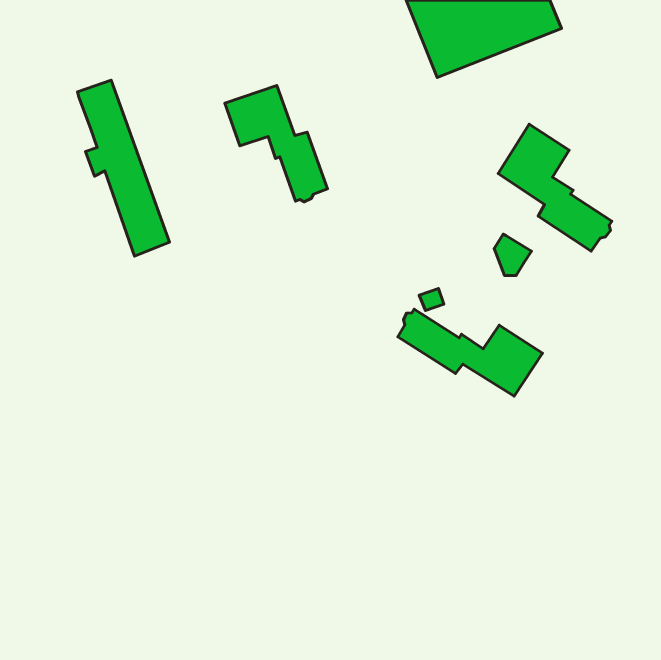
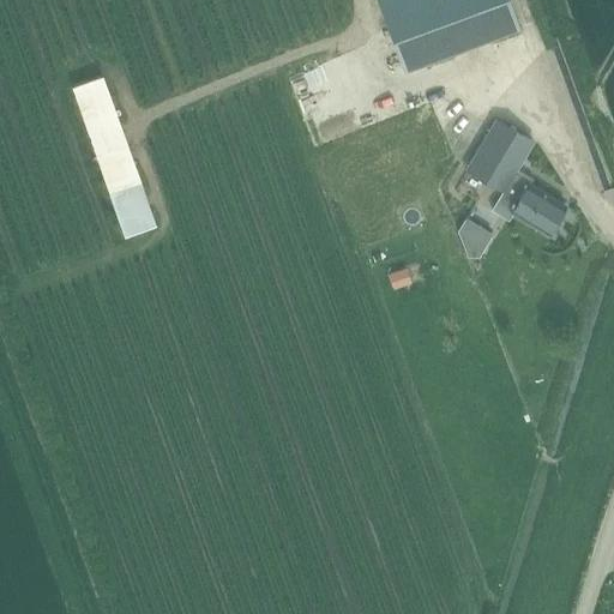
building: [225,86,327,202] -> none
building: [398,309,543,396] -> none

